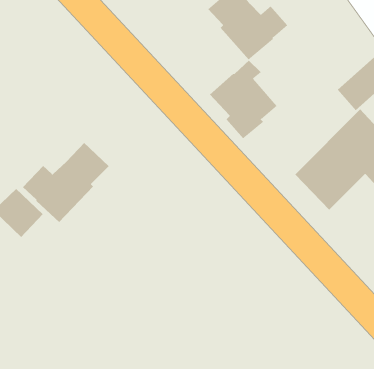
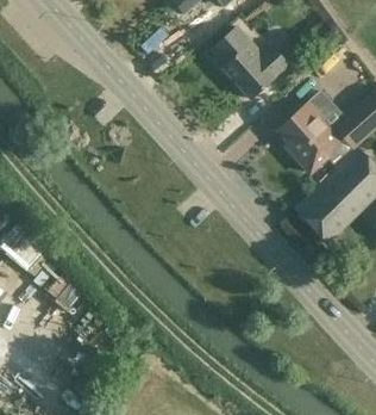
building: [209,60,278,139] -> [276,97,341,173]
building: [22,142,110,223] -> none

